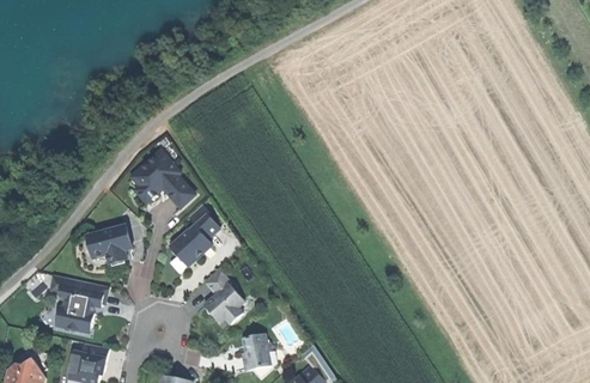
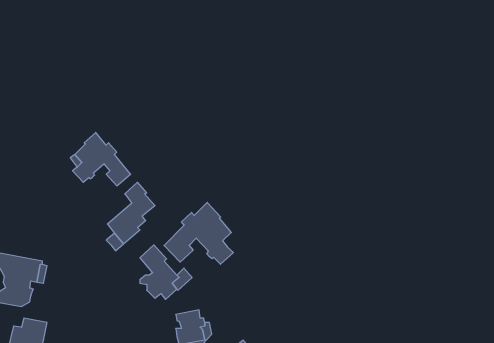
building: none -> [164,202,233,264]
building: [85,226,129,265] -> none

